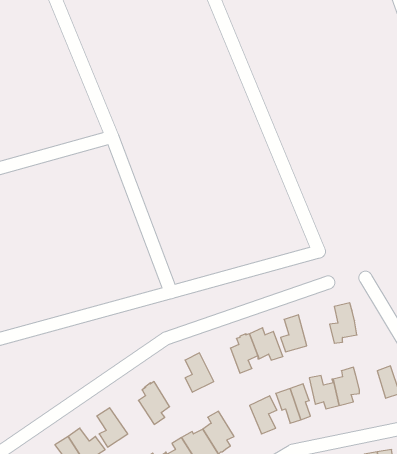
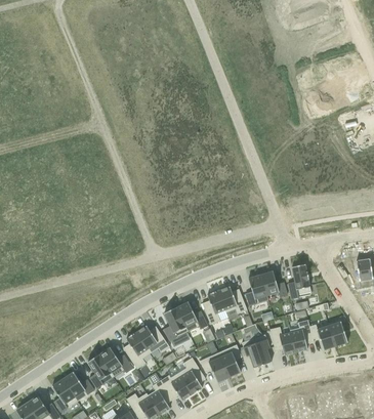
building: none -> [260,270,287,301]
building: none -> [175,301,207,332]
building: none -> [309,323,335,350]
building: none -> [136,326,169,353]
building: none -> [98,347,132,377]
building: none -> [200,352,228,382]

